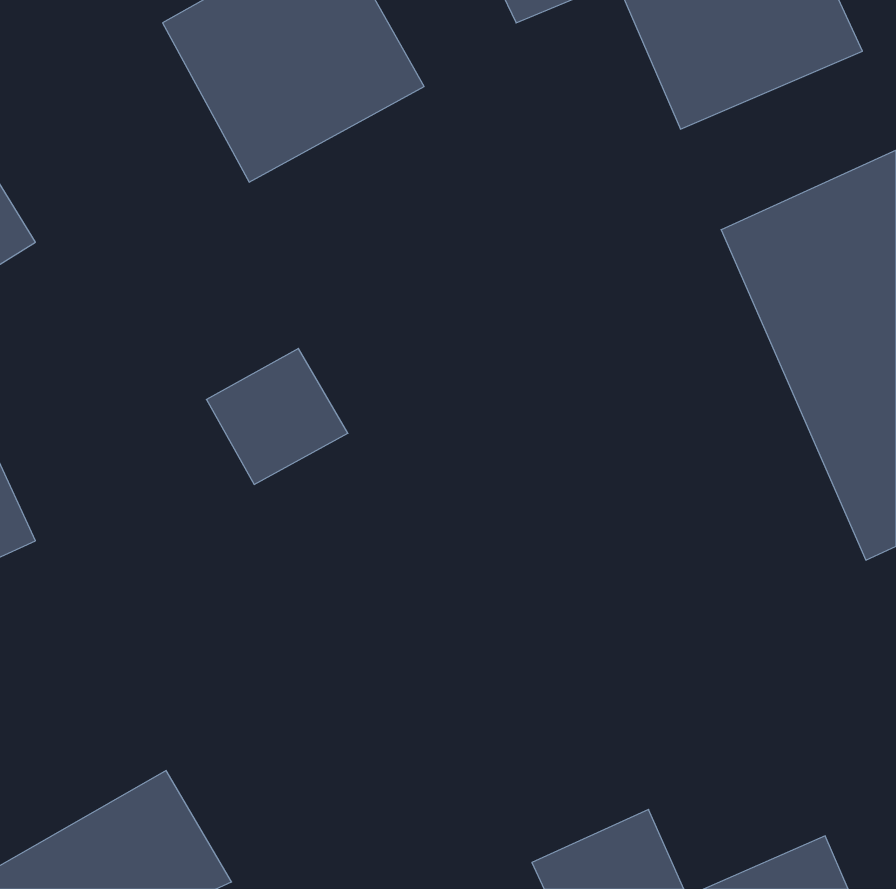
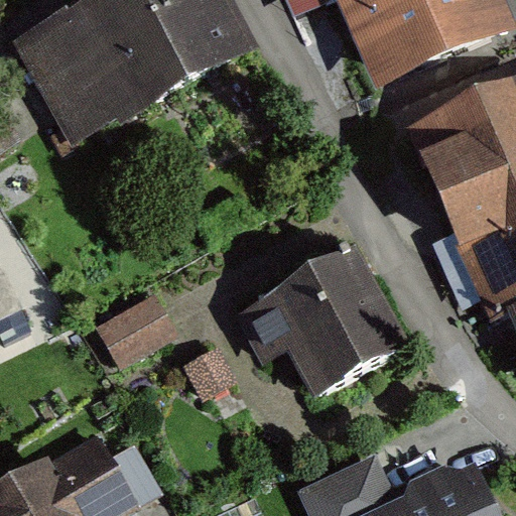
building: none -> [25,13,142,148]
building: [206,348,348,484] -> [92,285,172,363]
building: none -> [242,254,401,394]

